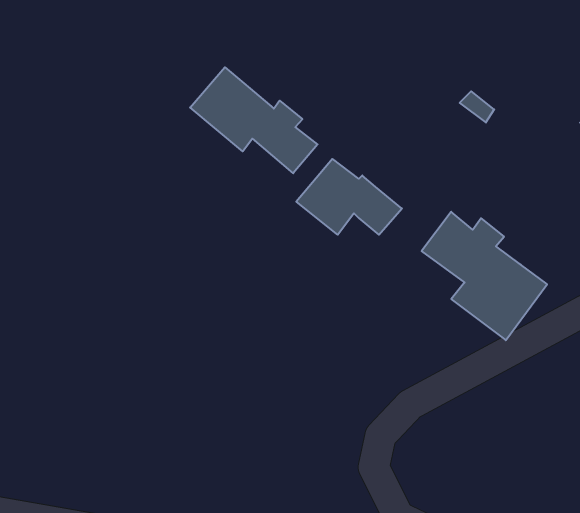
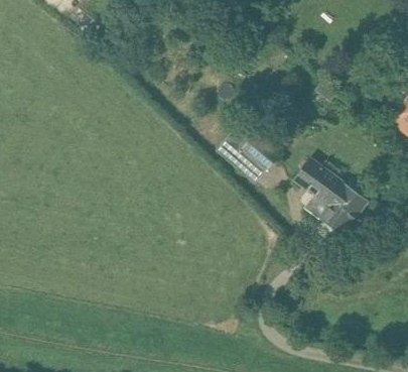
building: [190,67,318,173] -> none

